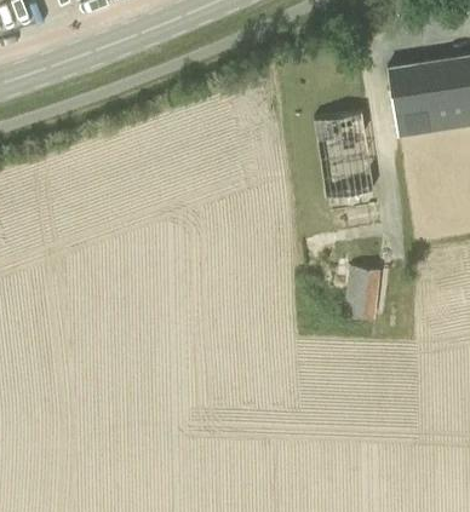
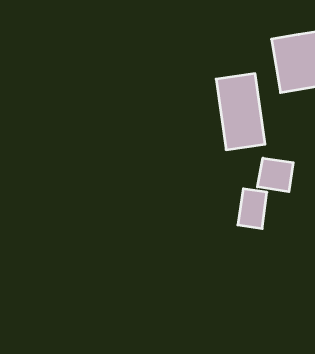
building: none -> [257,158,293,192]

